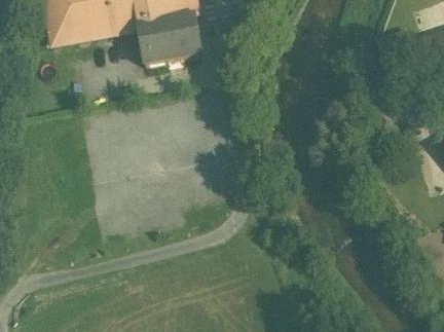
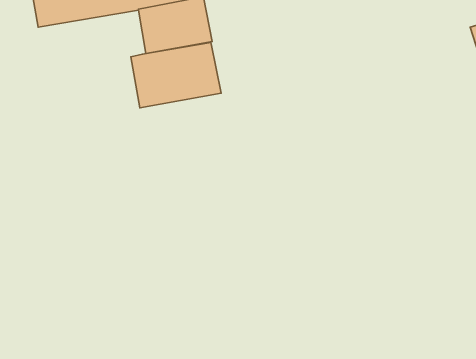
building: none -> [131,43,221,108]

